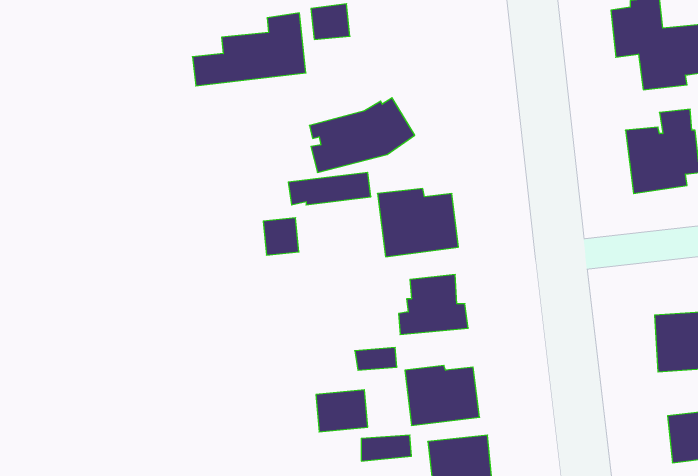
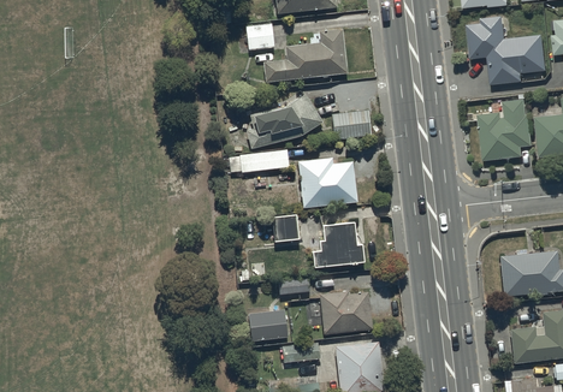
building: [192,13,306,86] -> [261,31,345,85]
building: none -> [332,109,372,139]
building: [263,218,299,255] -> [272,213,298,240]

